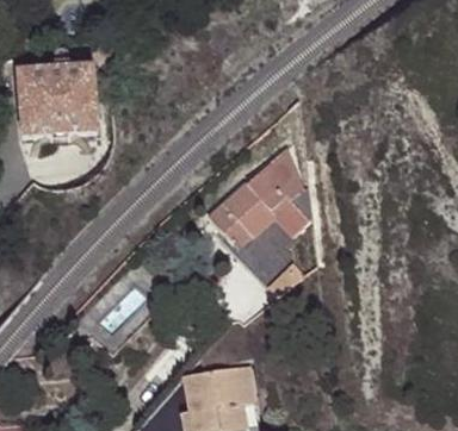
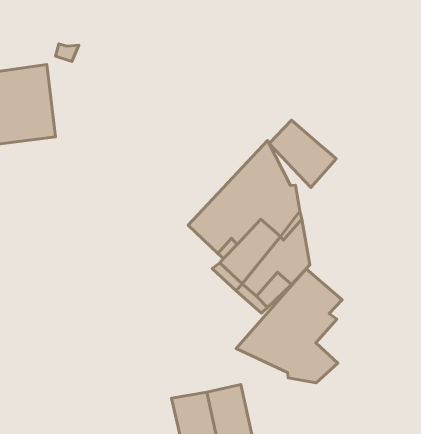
building: none -> [269,120,336,187]
building: none -> [236,269,342,383]

